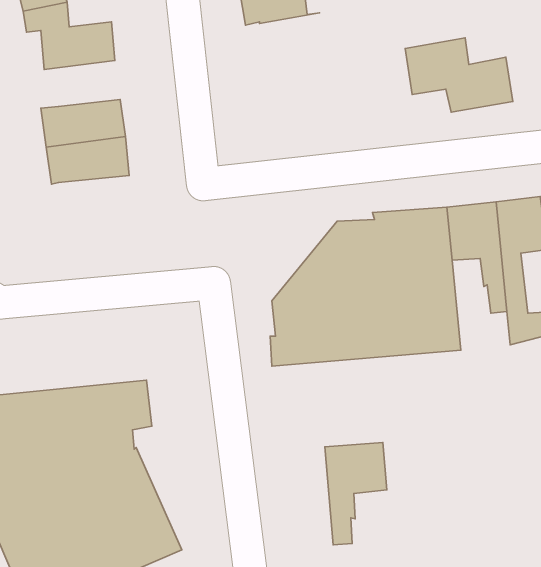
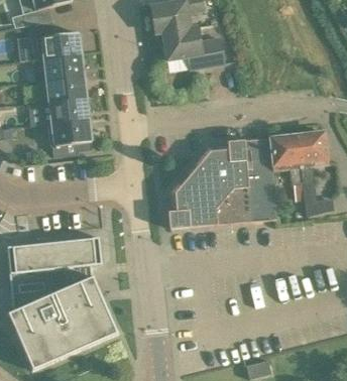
building: [405,38,513,112] -> [161,27,223,70]
building: none -> [38,54,82,81]
building: none -> [46,120,91,157]
building: [325,442,387,545] -> none

